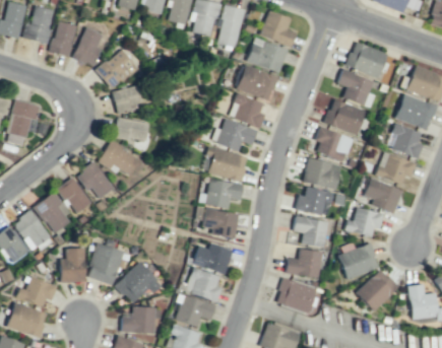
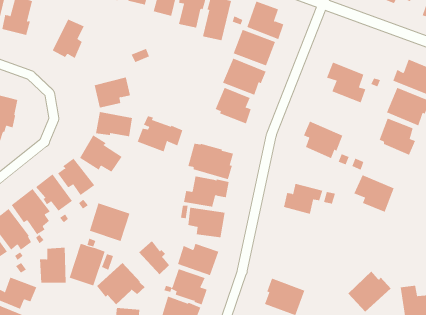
building: [49,20,77,57] -> none
building: [344,42,387,78] -> none
building: [94,50,138,89] -> none
building: [323,98,369,136] -> none
building: [211,116,256,151] -> [137,115,183,152]
building: [375,151,416,186] -> none
building: [302,157,341,190] -> none
building: none -> [89,202,130,242]
building: [344,207,383,237] -> none
building: [293,216,328,248] -> none
building: none -> [138,240,170,275]
building: [337,242,378,279] -> none
building: [286,249,323,278] -> none

